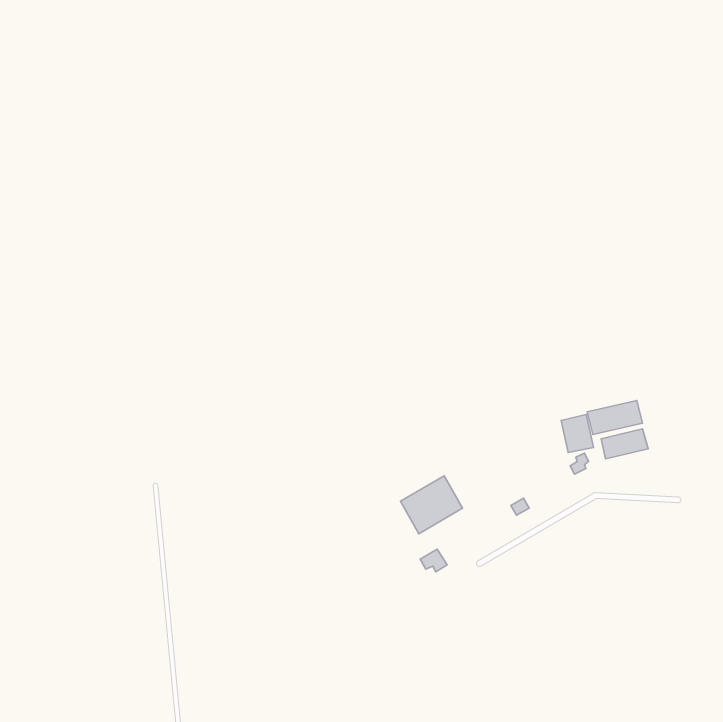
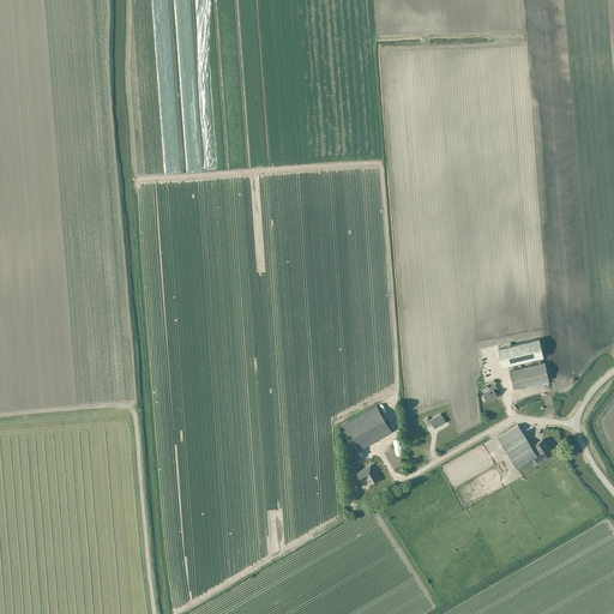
building: [561,415,594,452] -> none
building: none -> [498,426,548,469]

